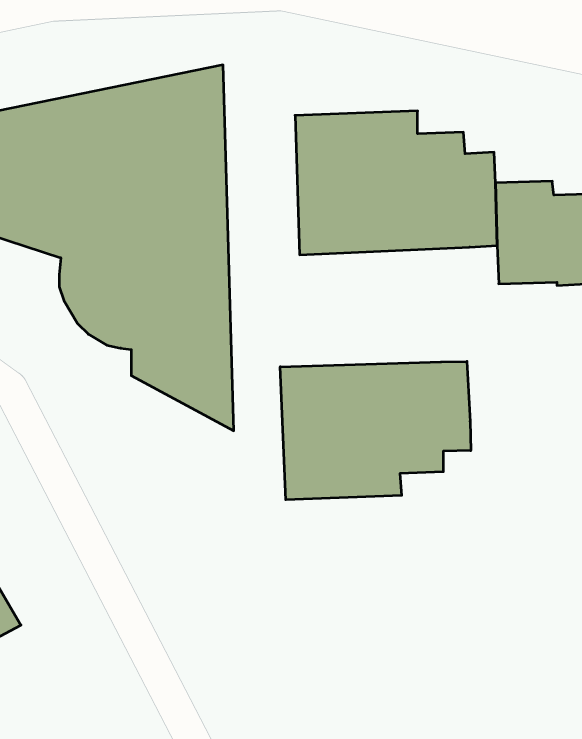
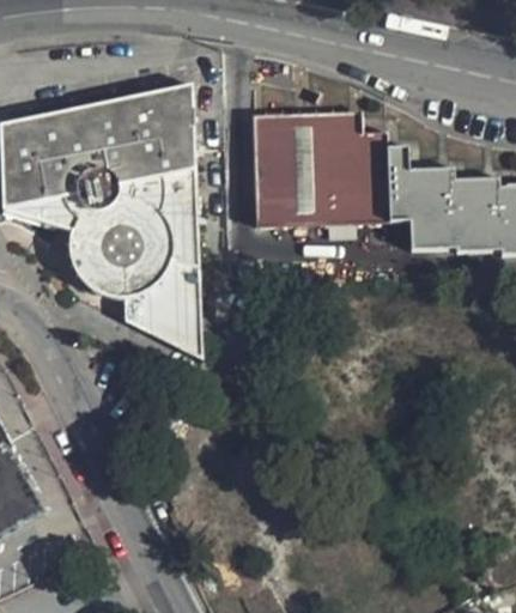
building: [280,361,471,500] -> none

